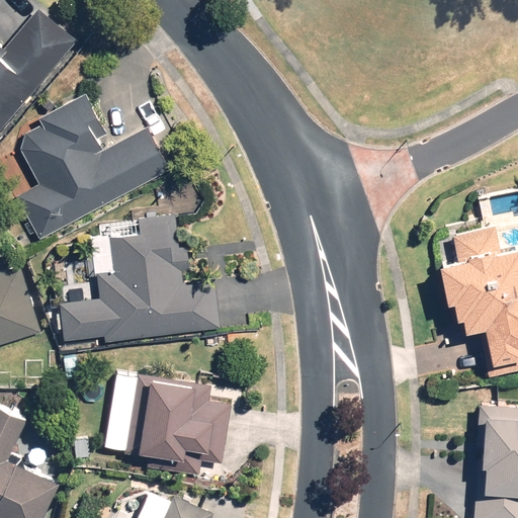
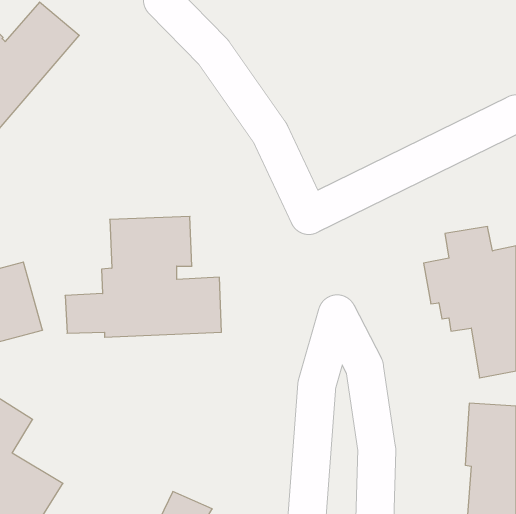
building: [16,89,174,245] -> none
building: [127,372,231,461] -> none

